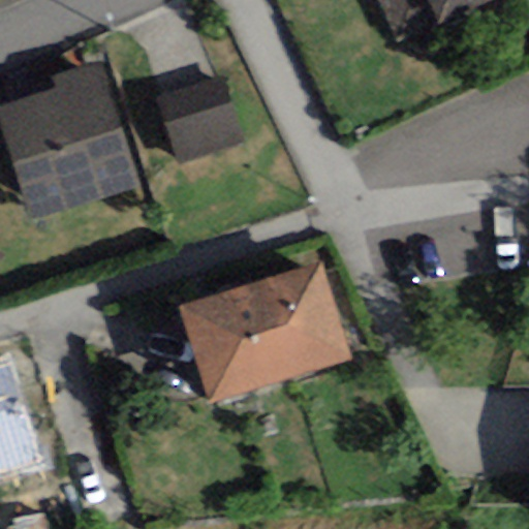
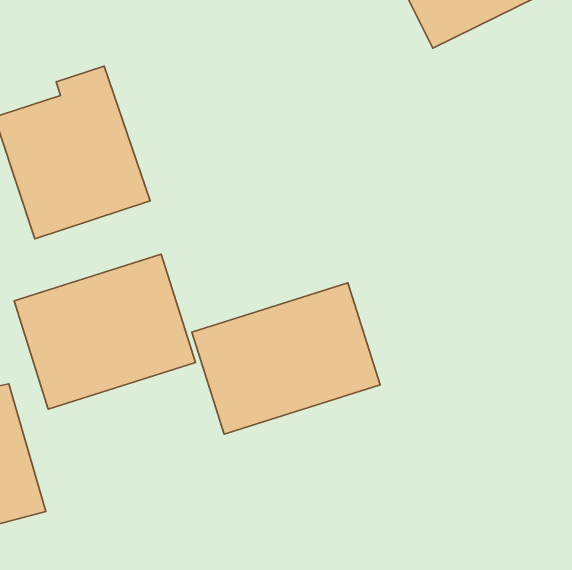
building: [155,75,243,164] -> none
building: none -> [14,254,195,409]

